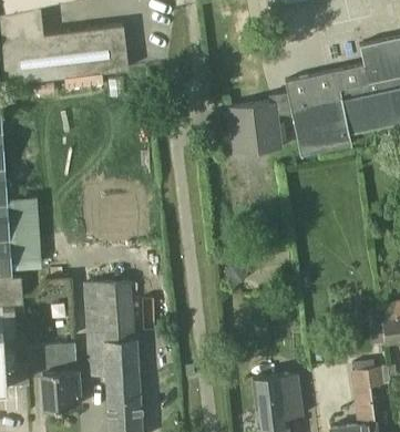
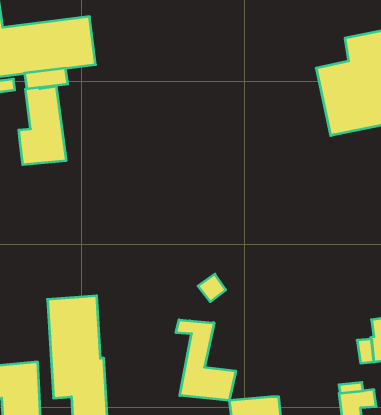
building: [228,73,351,156] -> none
building: none -> [19,86,66,165]
building: none -> [176,320,236,400]

